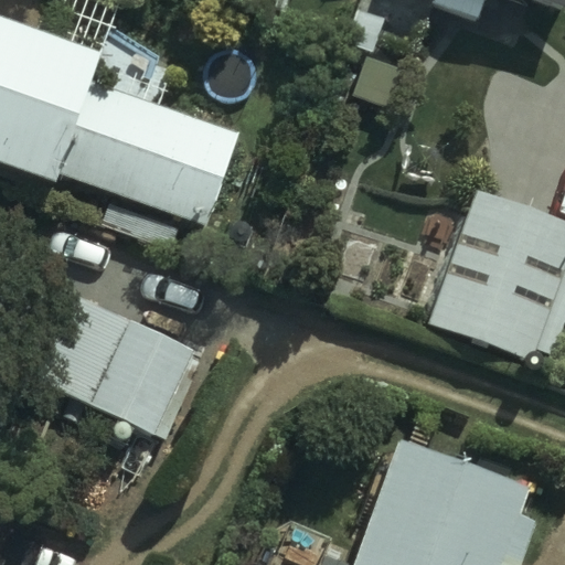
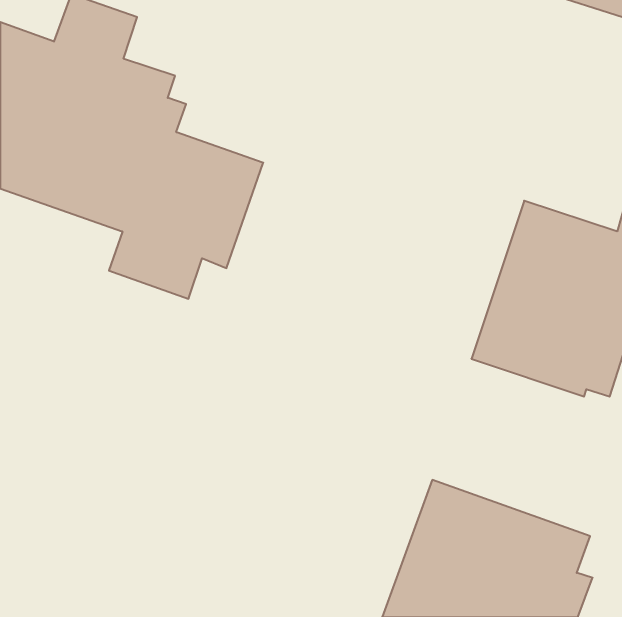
building: [31,294,195,438] -> none

